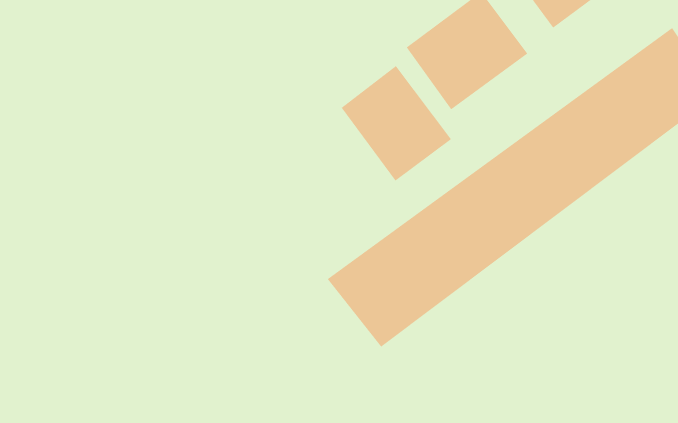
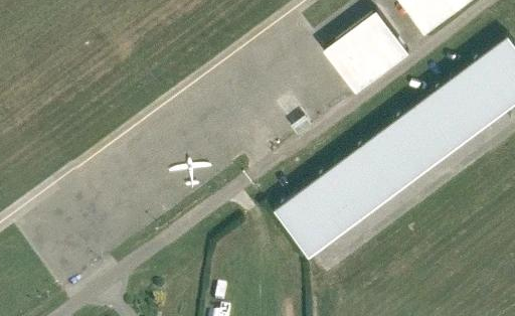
building: [341,65,452,181] -> none

